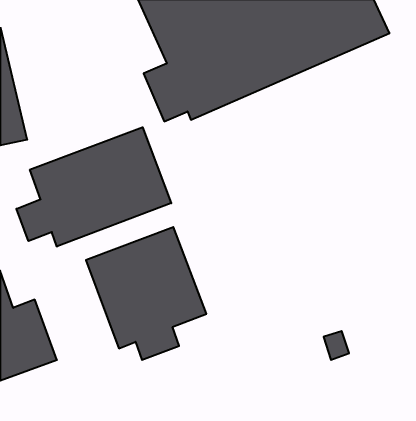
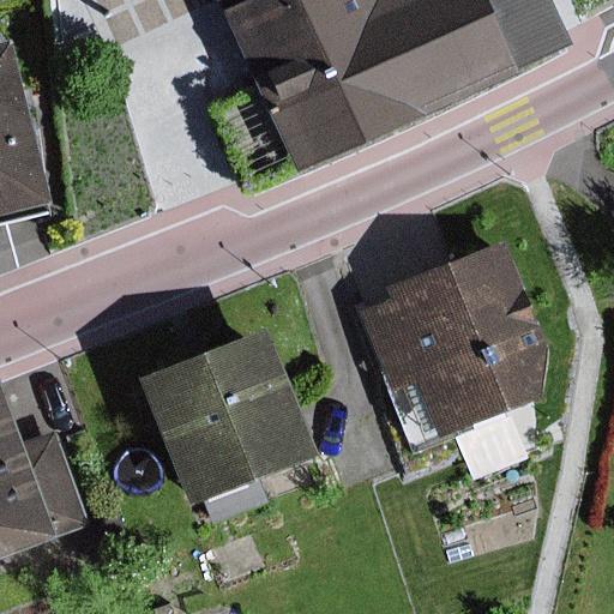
building: [16,127,171,247] -> none
building: none -> [362,241,544,481]

